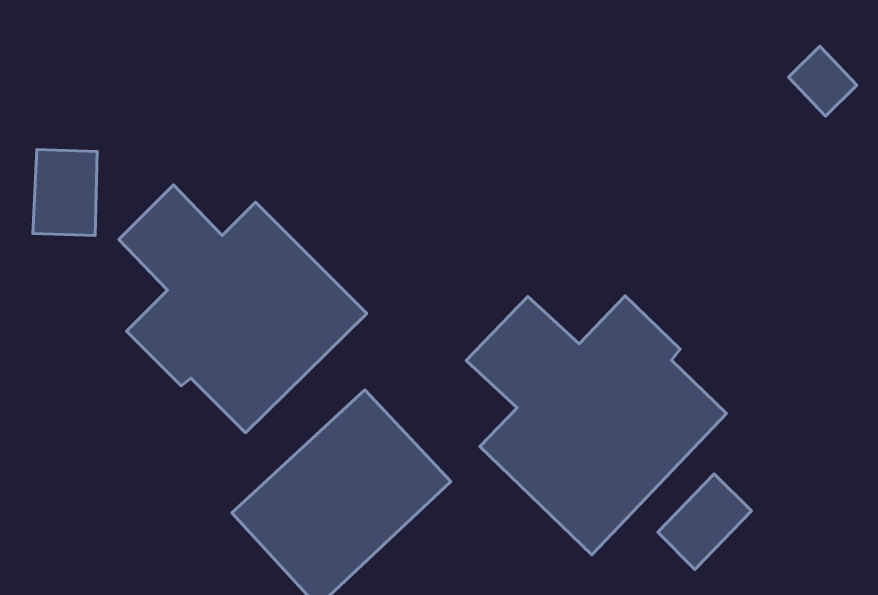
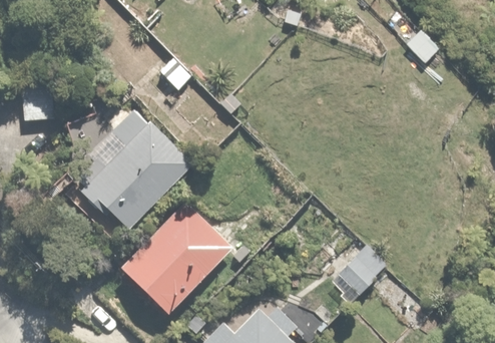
building: [466,296,726,555] -> none

